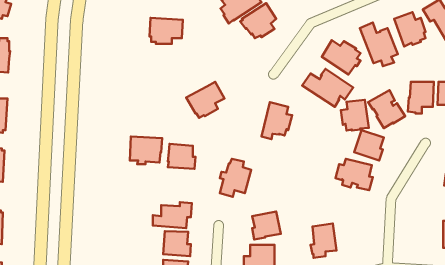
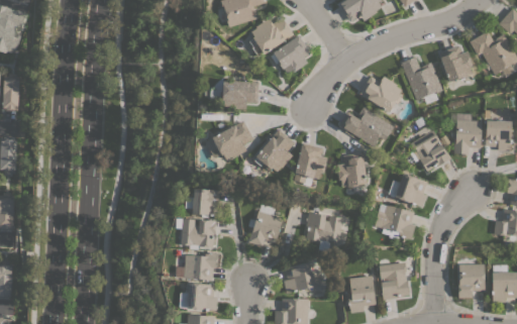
building: [149,18,183,44] -> [222,81,258,109]
building: none -> [254,129,295,172]
building: [341,100,369,130] -> [336,153,367,187]
building: [130,136,162,164] -> [181,219,216,249]
building: none -> [306,213,342,244]
building: none -> [379,262,409,300]
building: none -> [458,264,485,299]

